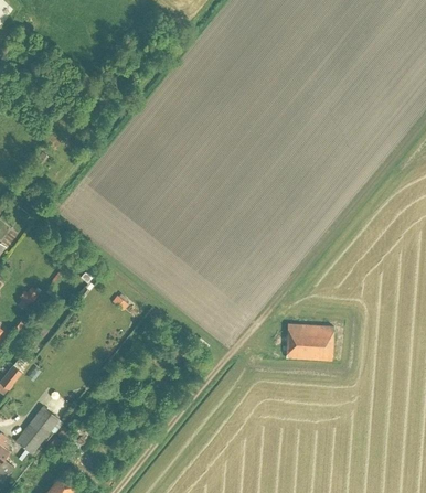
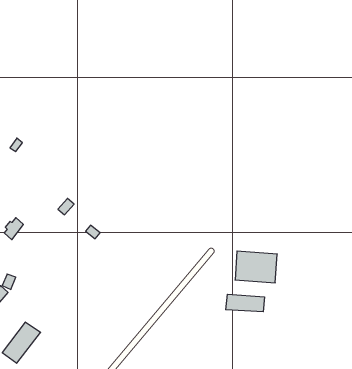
building: none -> [226,294,264,312]

